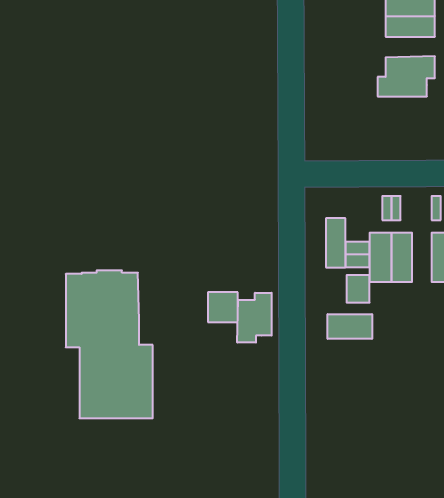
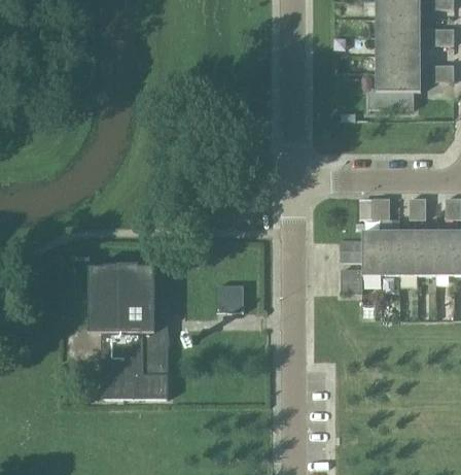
building: none -> [376,54,420,72]
building: [326,218,345,267] -> [399,230,417,274]
building: [237,293,272,343] -> none
building: [328,314,372,339] -> none

